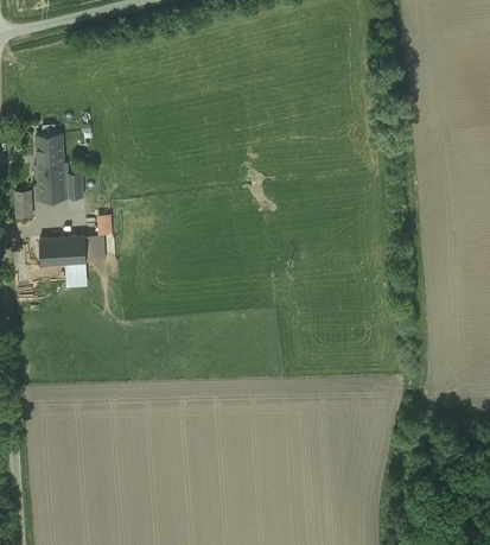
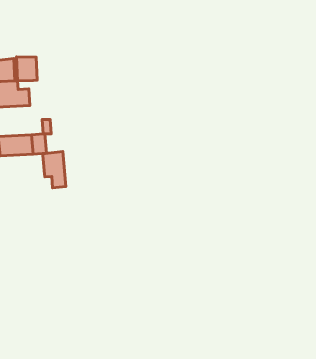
building: none -> [16,57,37,81]
building: none -> [42,151,66,188]

